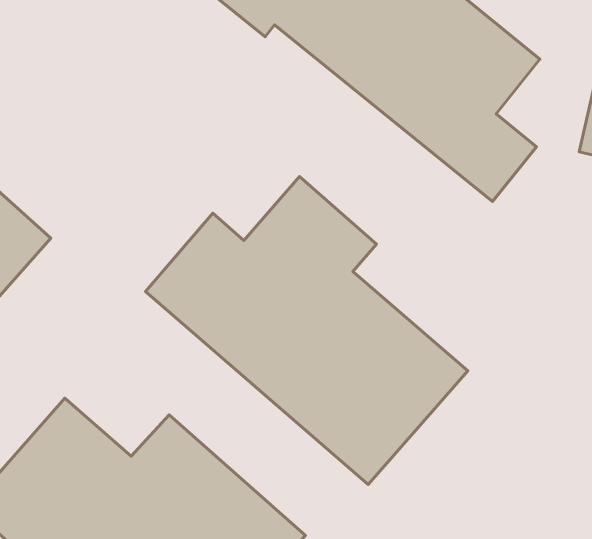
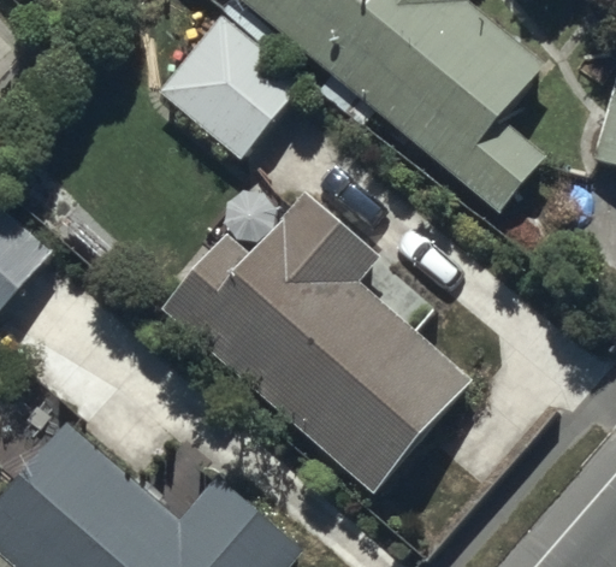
building: none -> [155,14,300,159]

